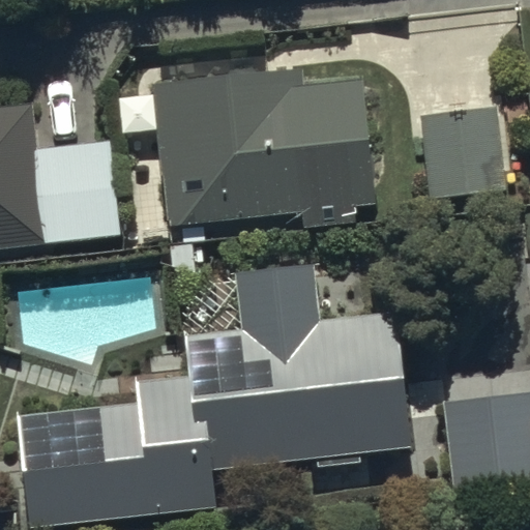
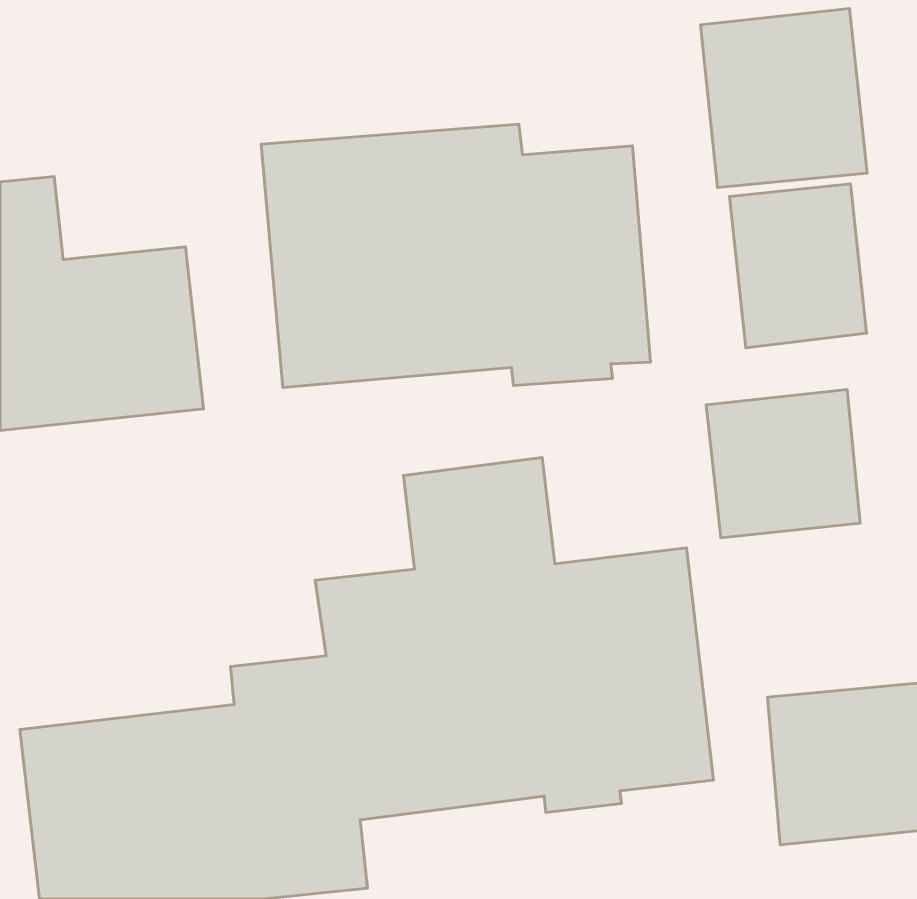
building: none -> [700,9,867,187]
building: none -> [706,390,860,538]

